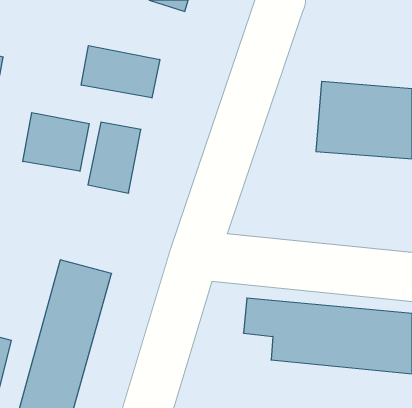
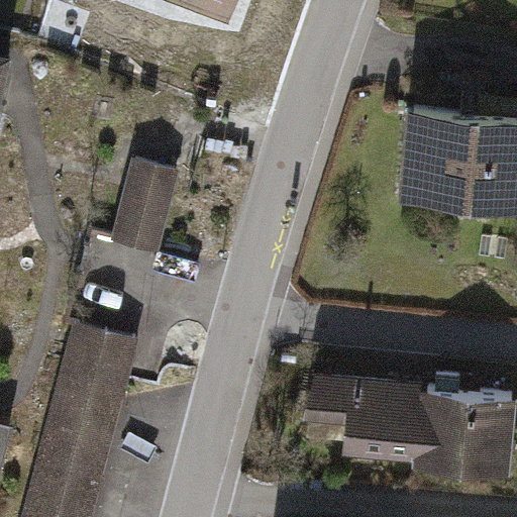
building: [81,46,160,98] -> none
building: [23,113,89,171] -> none

